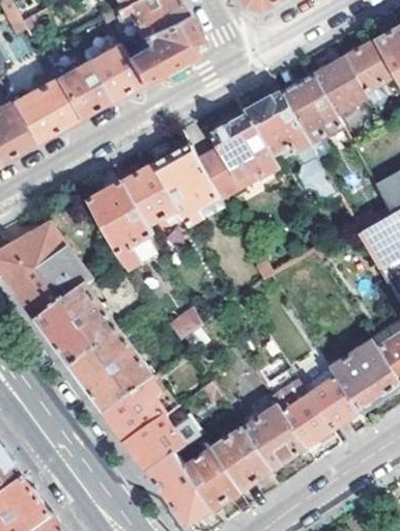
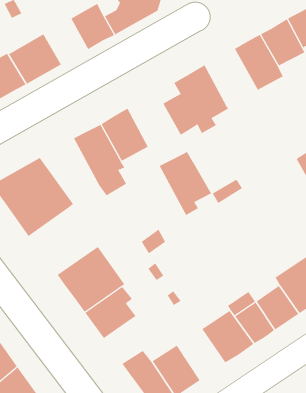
building: [53,58,106,113] -> none
building: [246,94,336,202] -> none
building: [153,147,217,225] -> [159,151,212,216]
building: [34,284,118,365] -> none
building: [124,416,198,472] -> none
building: [212,430,269,492] -> none

